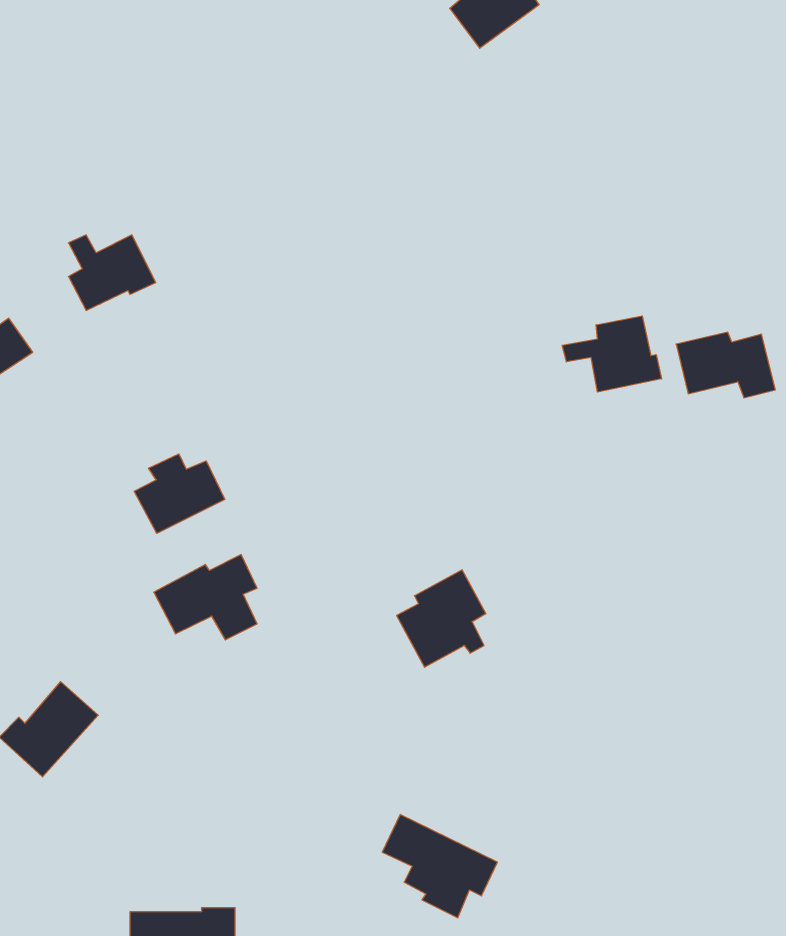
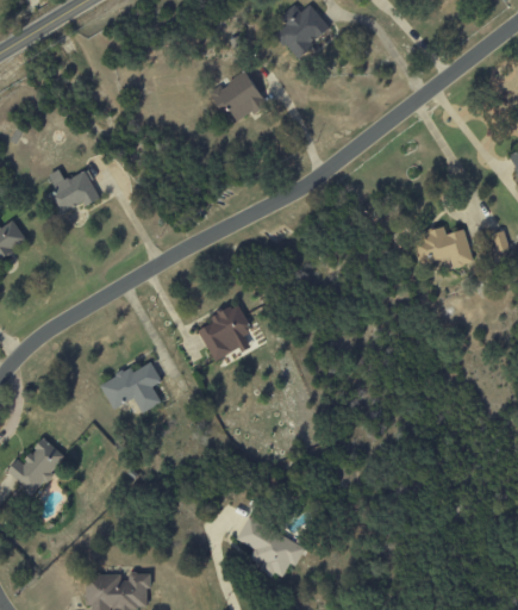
building: none -> [207,70,266,123]
building: [562,316,662,392] -> none
building: [134,454,225,533] -> none
building: [397,570,486,667] -> [198,303,251,361]

